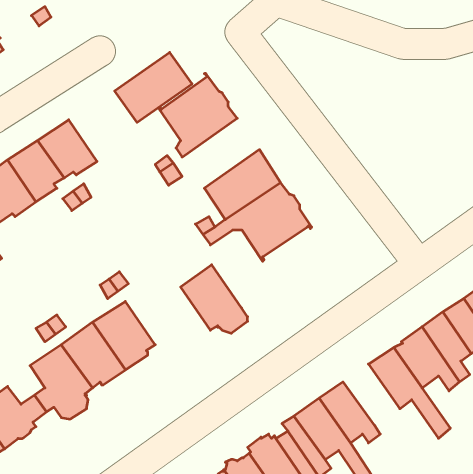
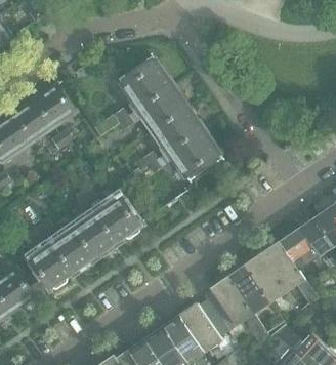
building: [115,52,192,122] -> [134,84,187,132]
building: [181,265,248,333] -> [95,195,141,242]
building: none -> [245,253,287,295]

